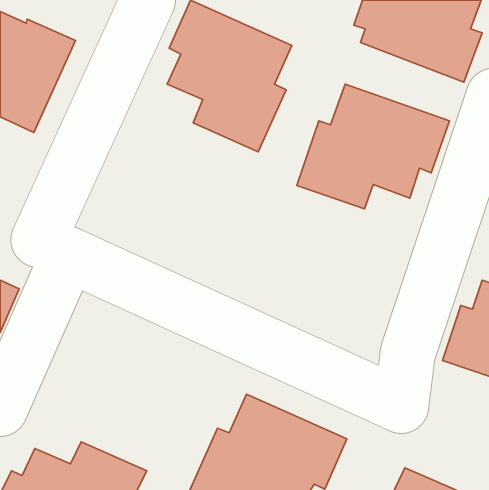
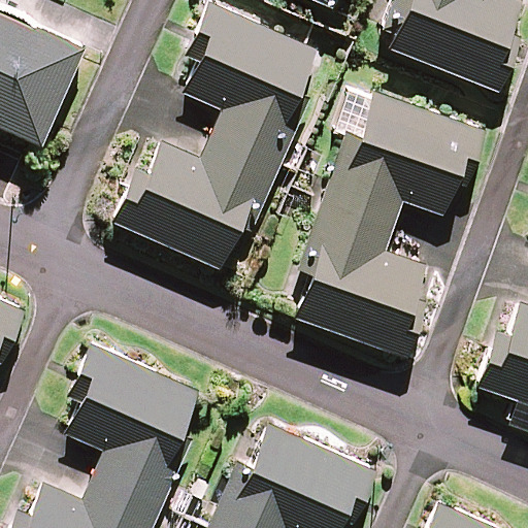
building: none -> [112,135,280,269]
building: none -> [296,202,426,357]
building: none -> [65,344,198,506]

